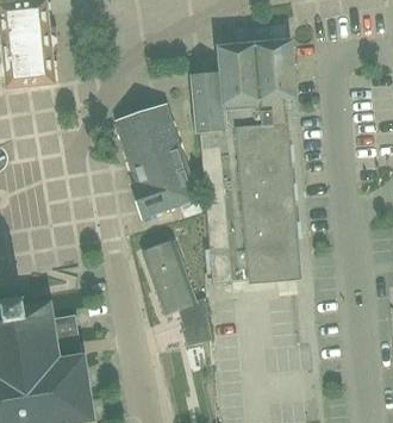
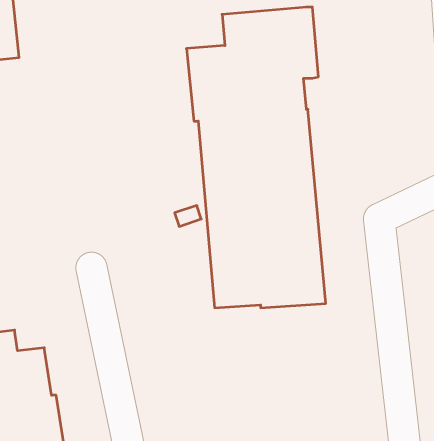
building: [117,105,196,216] -> none
building: [143,241,212,344] -> none

